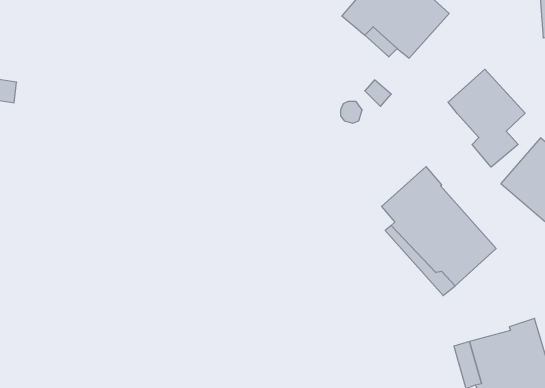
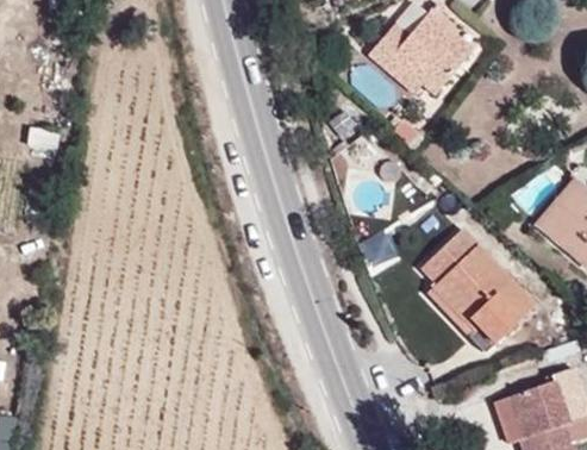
building: [448,69,525,167] -> none

